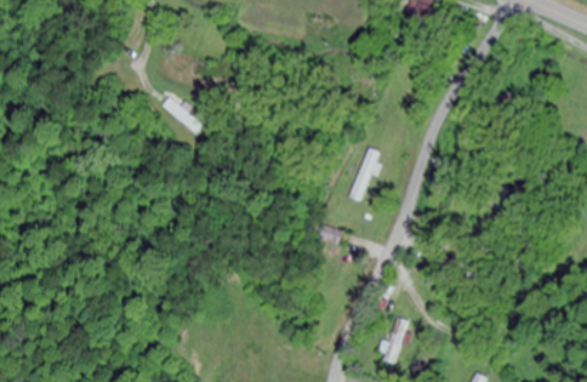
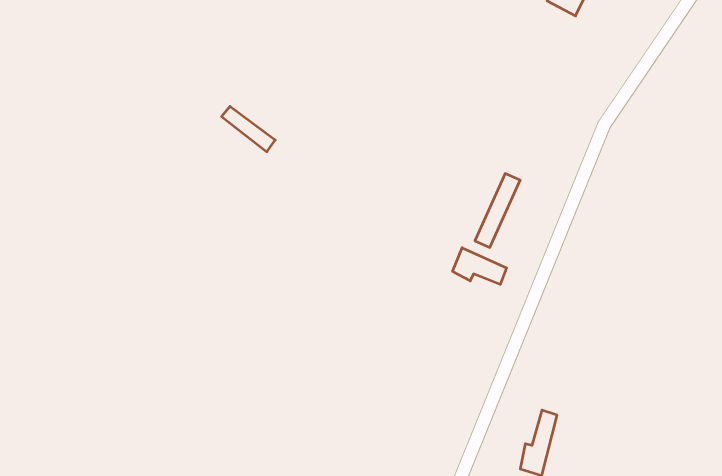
building: none -> [453,248,507,284]

